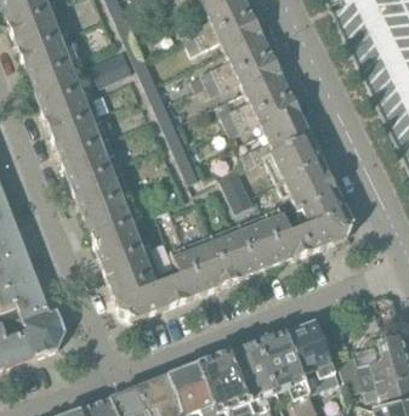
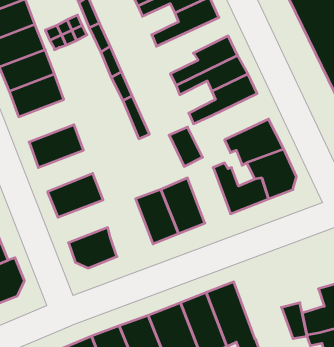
building: [205,55,280,95] -> none
building: [263,135,323,183] -> none
building: [61,141,119,186] -> none
building: [81,194,138,238] -> none
building: [238,212,283,270] -> none
building: [157,245,201,306] -> none
building: [102,246,159,291] -> none
building: [286,320,339,392] -> none

